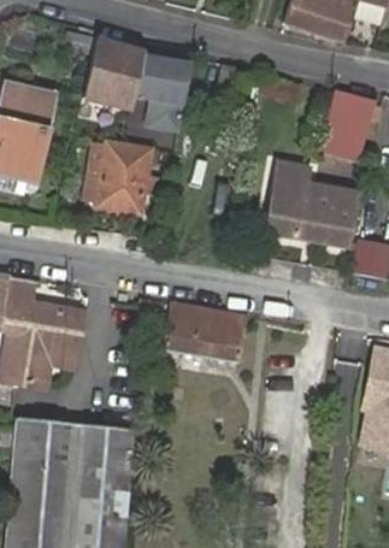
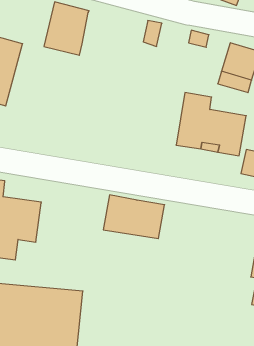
building: [135,53,191,129] -> none
building: [86,141,166,210] -> none

